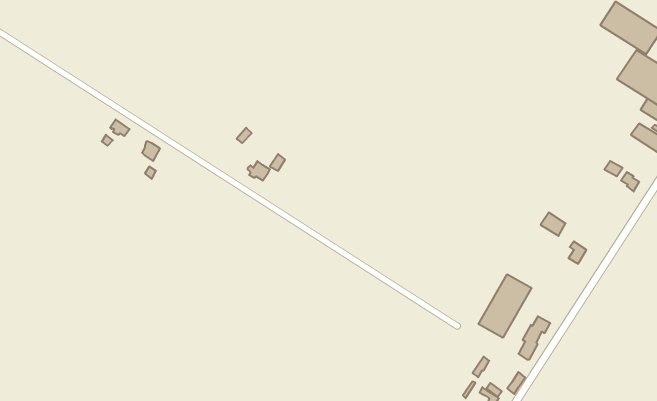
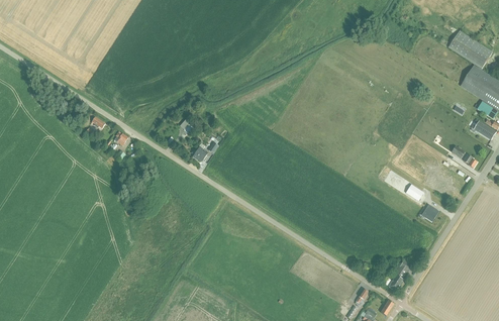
building: [479,274,531,338] -> none

